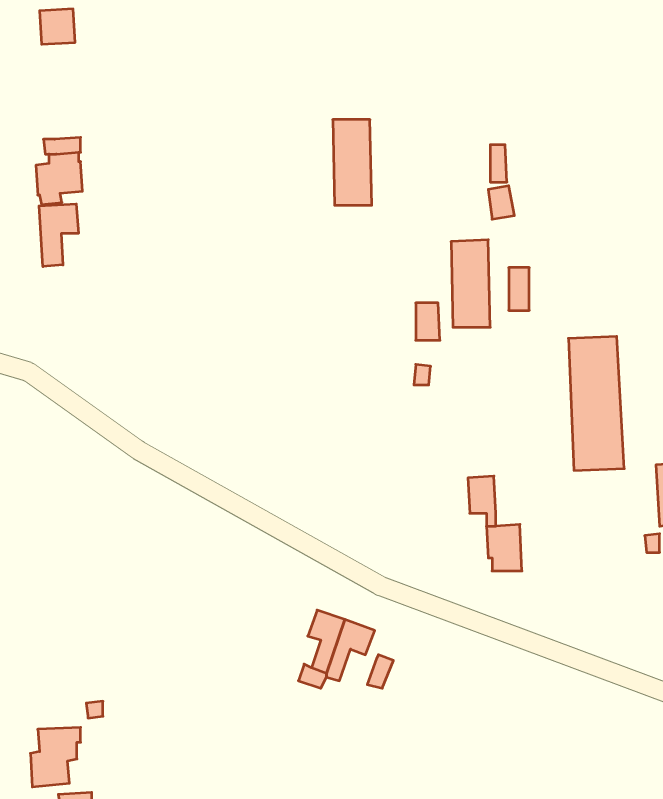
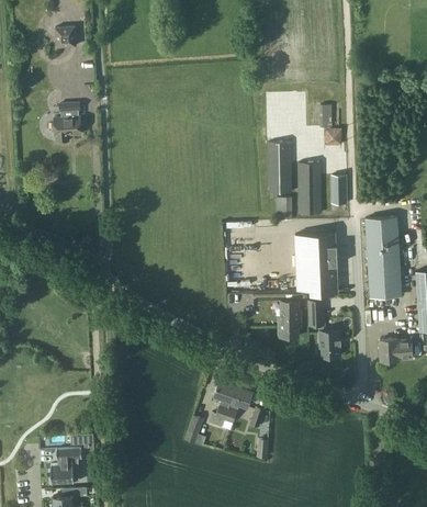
building: [333,120,372,205] -> [269,142,292,192]
building: [39,204,78,267] -> none
building: none -> [294,234,337,294]
building: none -> [279,301,302,337]
building: none -> [380,338,412,361]

